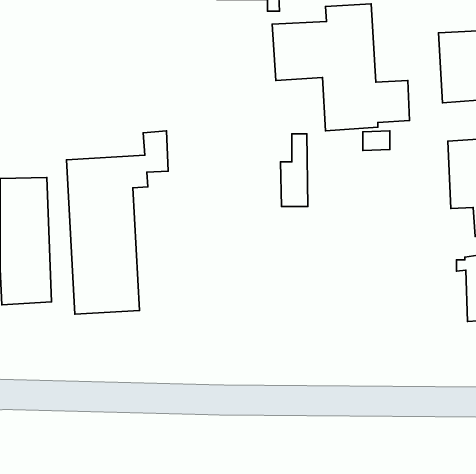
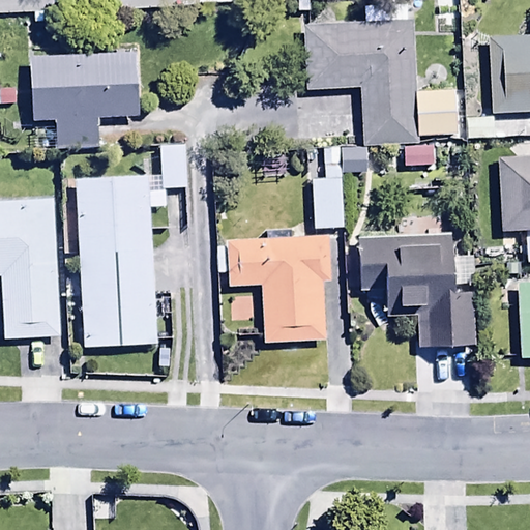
building: none -> [29,52,140,148]
building: none -> [218,230,329,343]
building: none -> [359,237,476,345]

